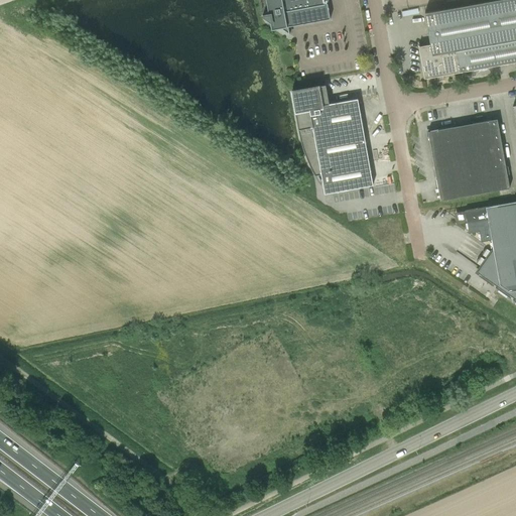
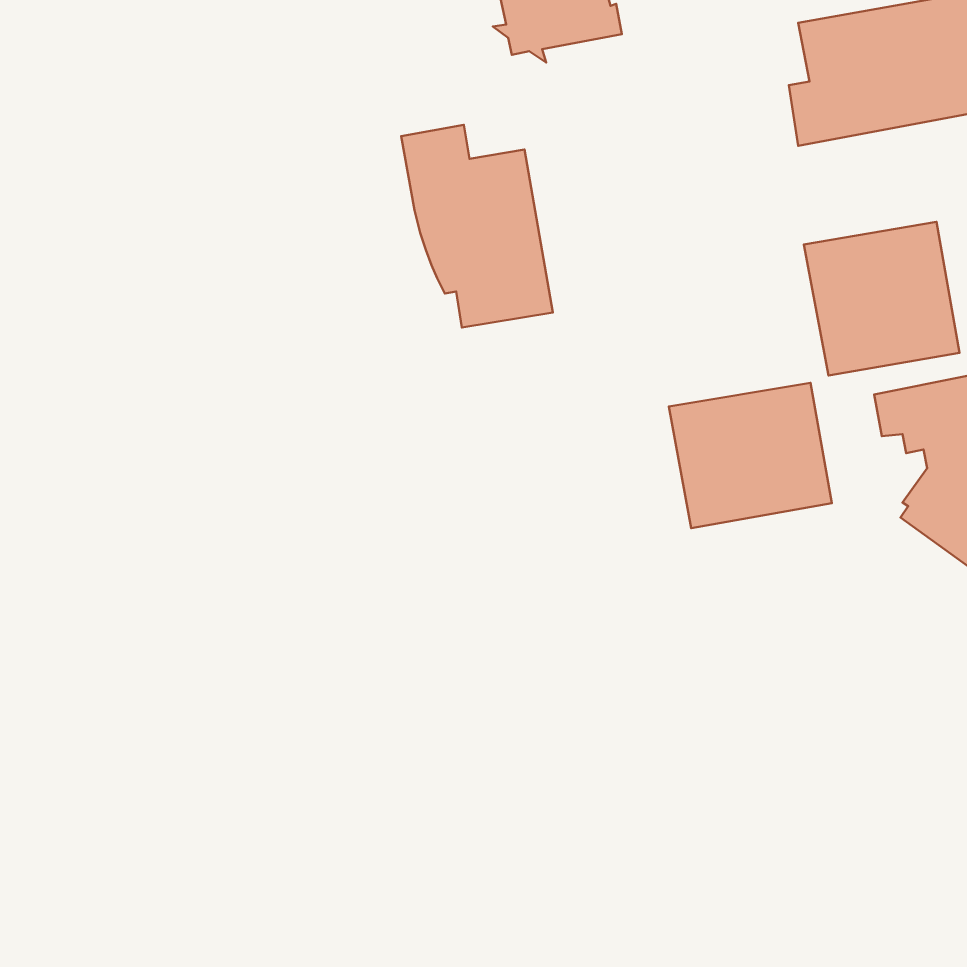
building: [293,85,374,192] -> [401,125,553,328]
building: none -> [669,383,832,528]

